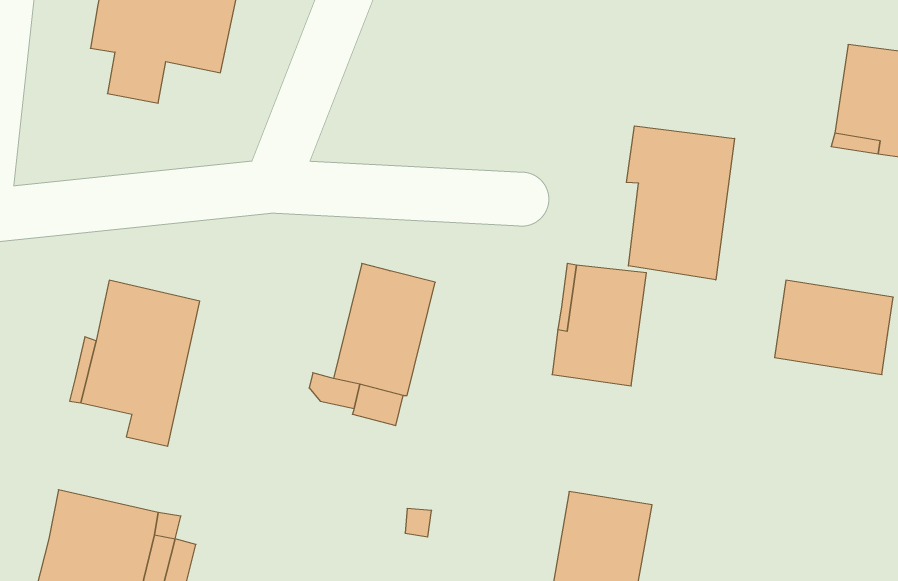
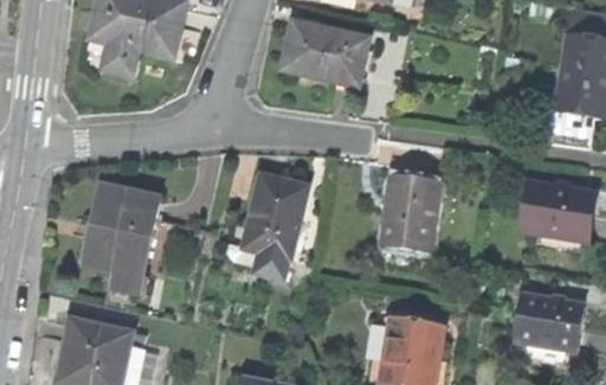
building: none -> [284,21,367,88]
building: [626,126,735,280] -> none
building: none -> [514,294,584,349]

